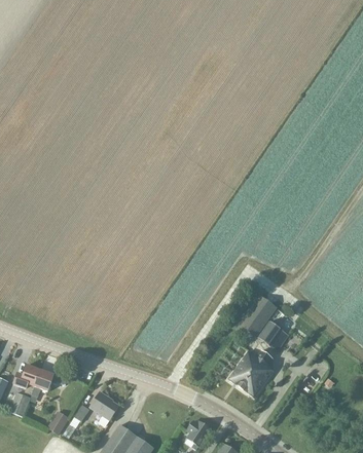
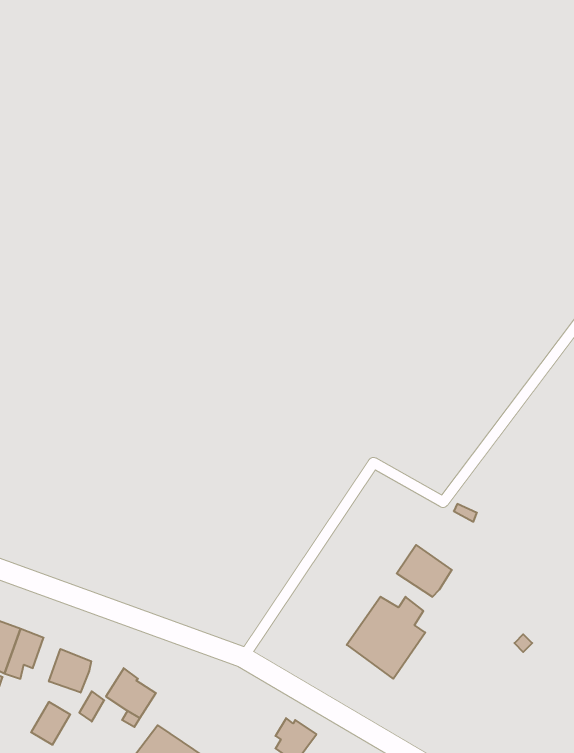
building: [240,295,278,337] -> none
building: none -> [49,649,91,693]

